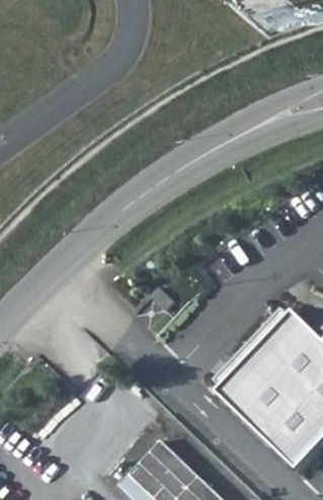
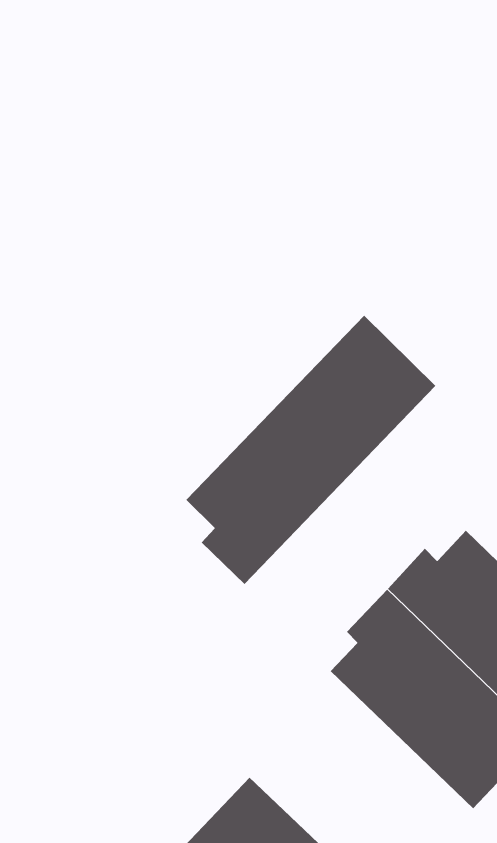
building: none -> [186,315,436,585]

